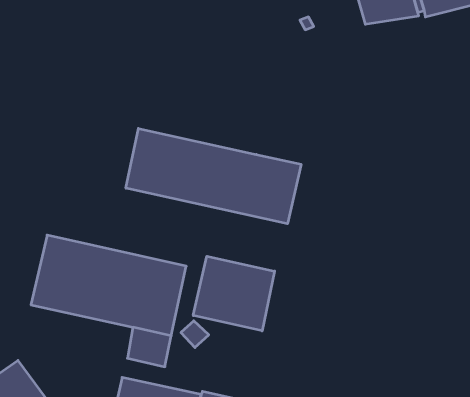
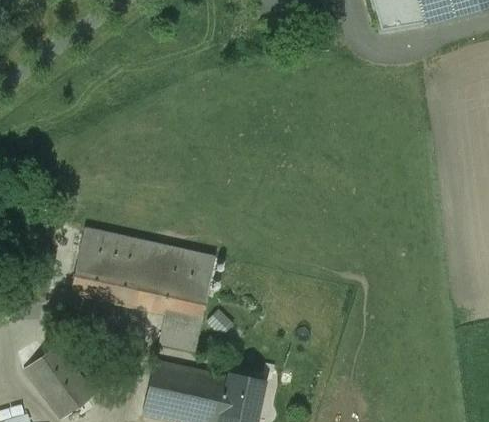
building: [126,128,301,224] -> none
building: [193,256,275,331] -> none

